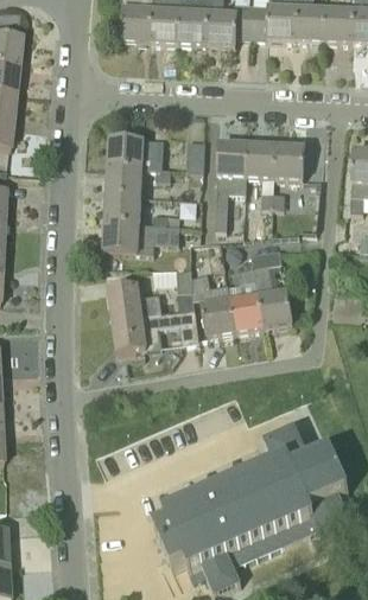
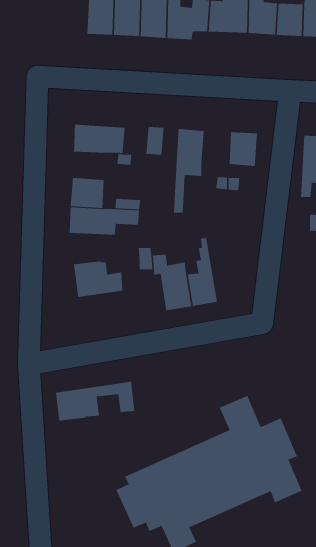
building: [246,143,275,179] -> none
building: [107,166,142,196] -> none
building: [250,248,292,326] -> none
building: [113,309,198,352] -> [55,381,135,421]

